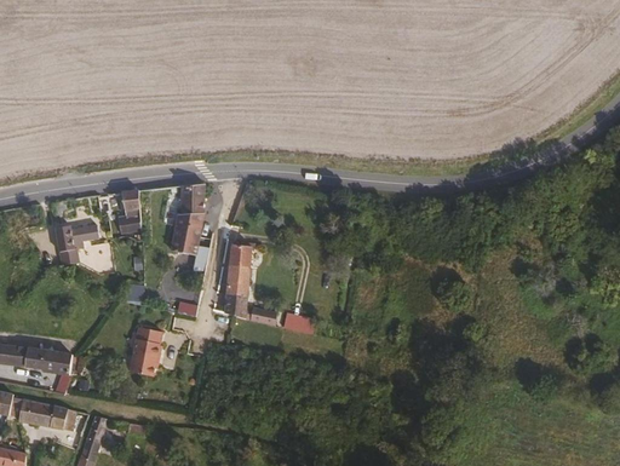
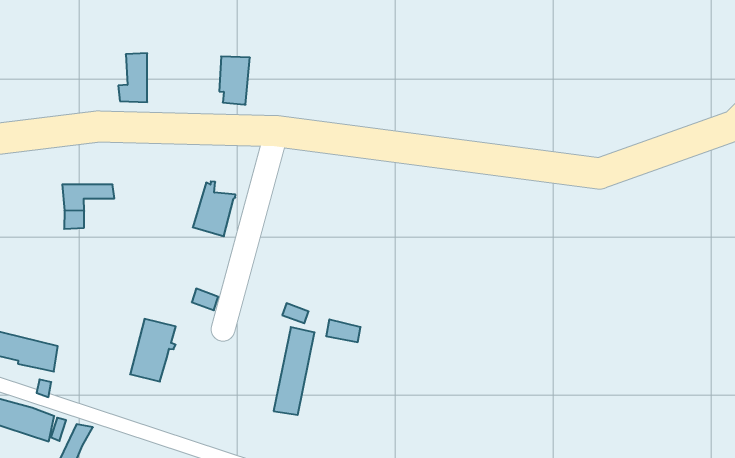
building: [179,184,202,222] -> [219,56,250,105]
building: [116,189,140,229] -> [118,53,147,102]
building: [223,243,249,312] -> [274,327,315,415]

